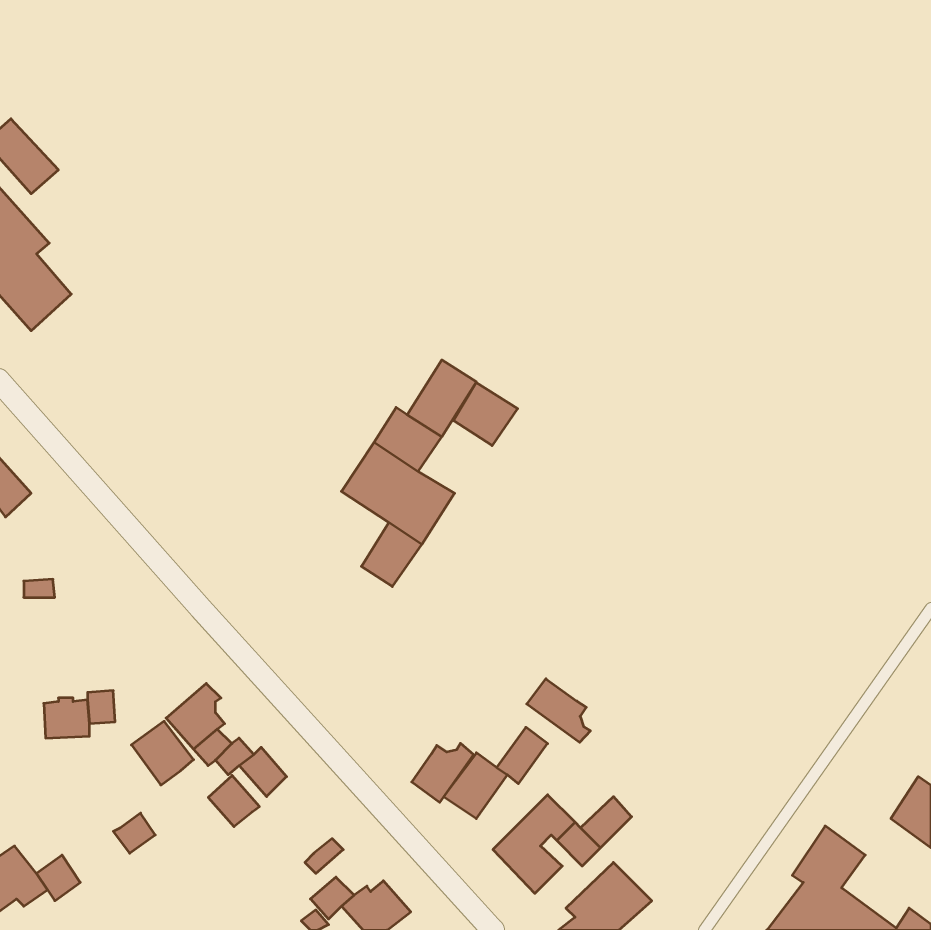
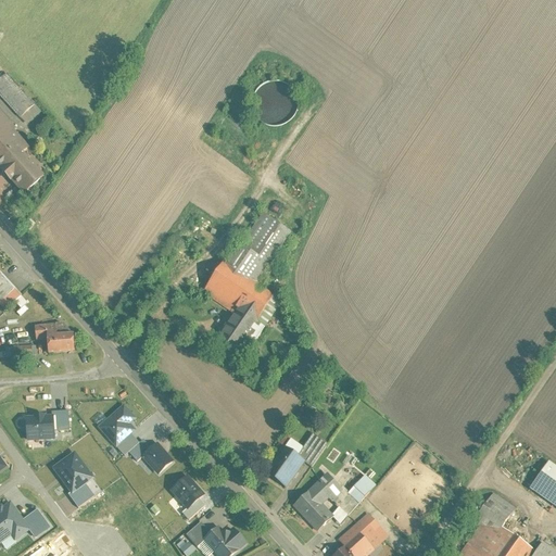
building: none -> [263,85,288,117]
building: [453,382,518,446] -> none
building: none -> [34,323,73,351]
building: [527,679,590,742] -> none
building: [131,721,194,785] -> [54,454,91,492]
building: [412,743,473,802] -> none
building: [208,775,259,827] -> [172,477,202,507]

